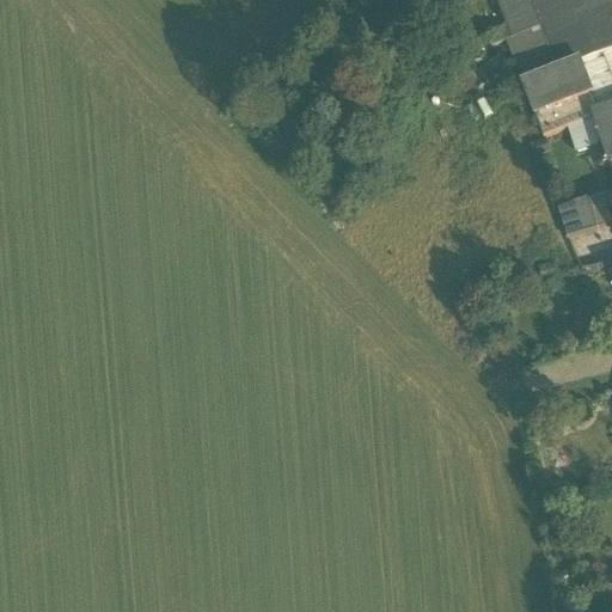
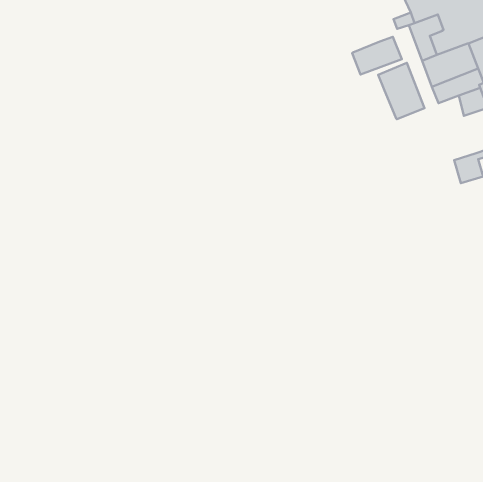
building: none -> [352,37,402,75]
building: none -> [378,63,425,119]

